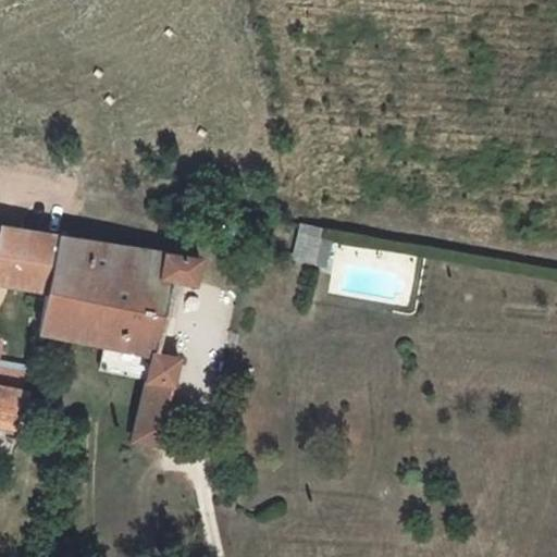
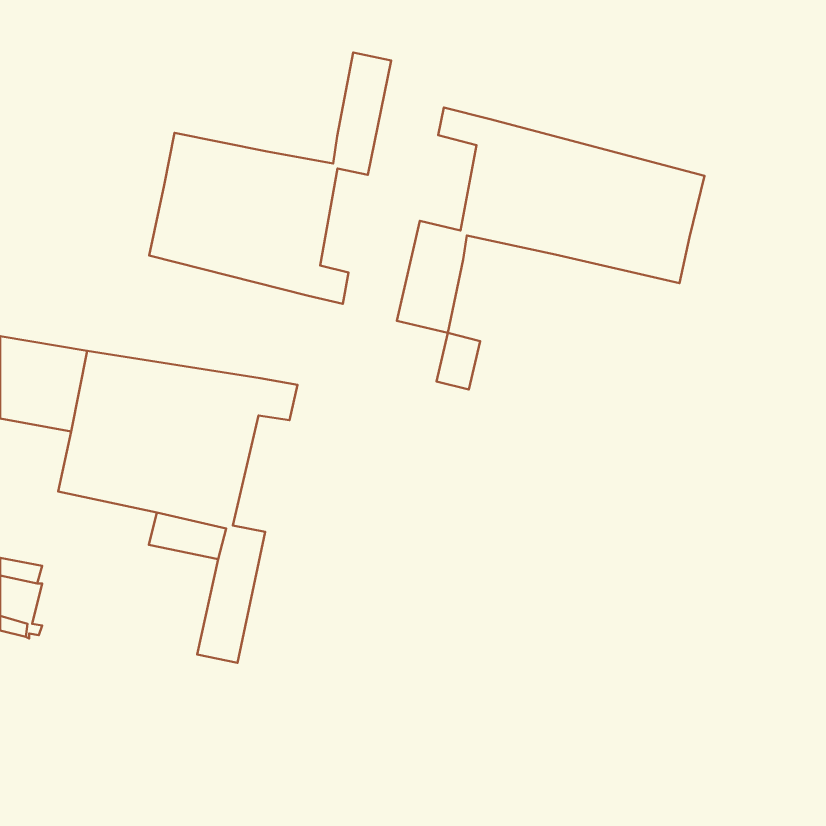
building: none -> [149,52,391,304]
building: none -> [397,108,705,333]

